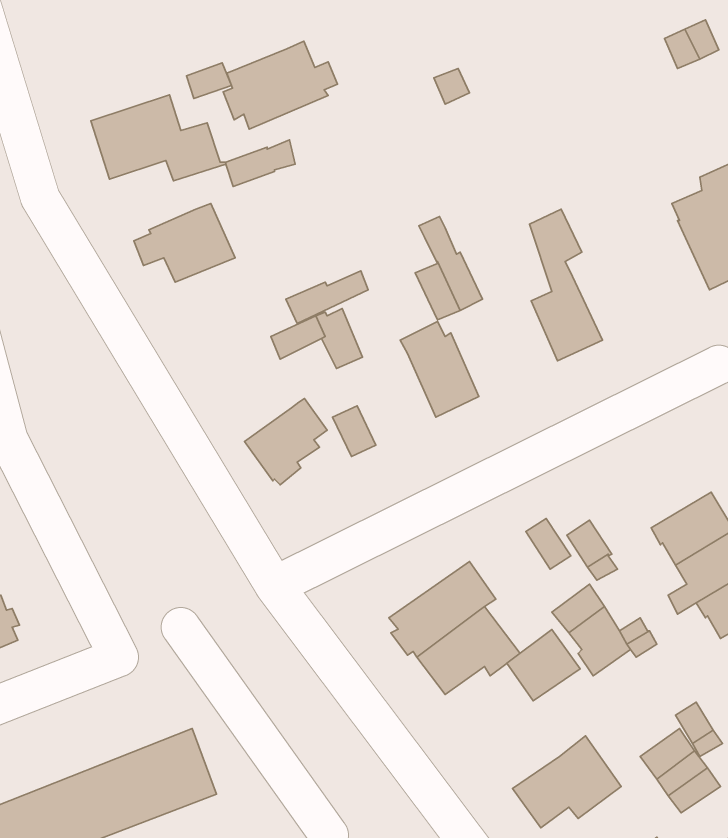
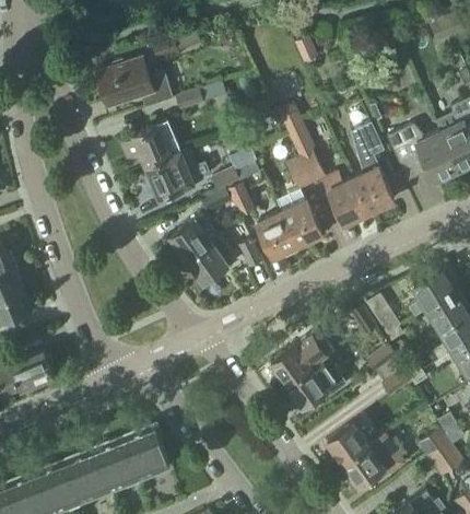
building: [223,41,337,129] -> [143,149,210,200]
building: none -> [387,124,457,182]
building: none -> [322,174,368,224]
building: none -> [255,209,297,257]
building: none -> [169,214,218,260]
building: none -> [409,267,458,316]
building: [507,630,580,701] -> [327,421,369,463]

